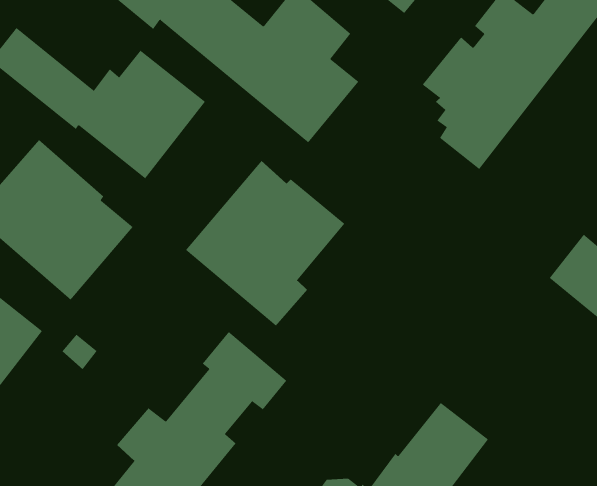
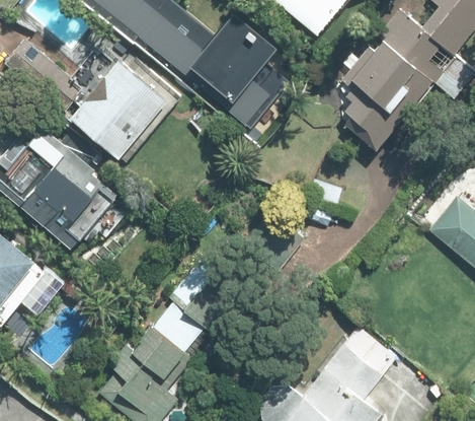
building: [185,160,345,326] -> none

